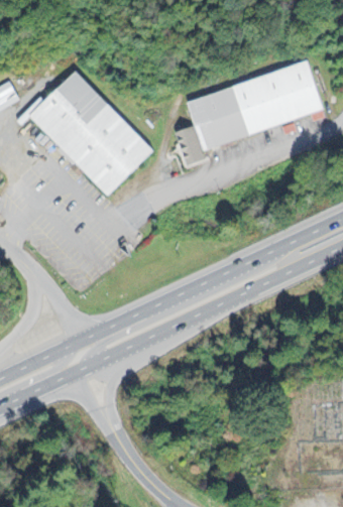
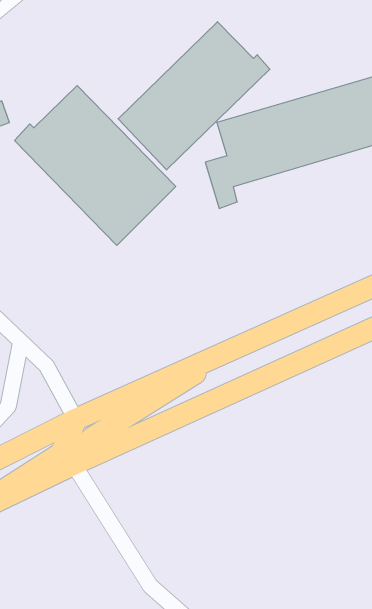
building: none -> [118,22,270,170]

